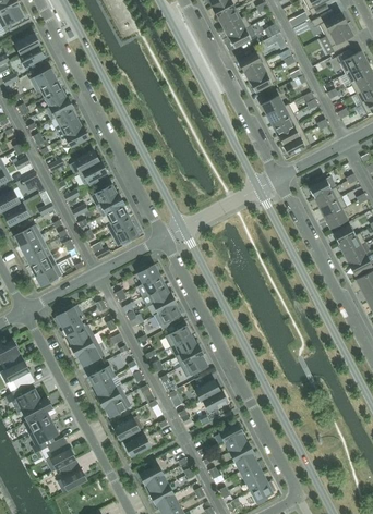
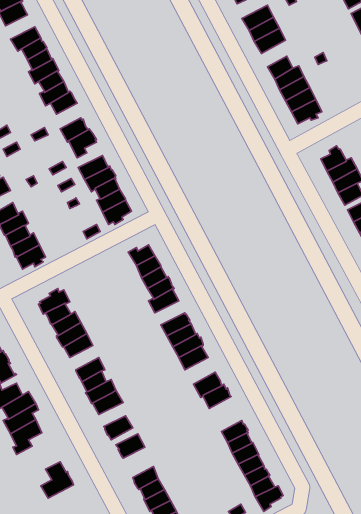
building: [46,438,75,472] -> none

